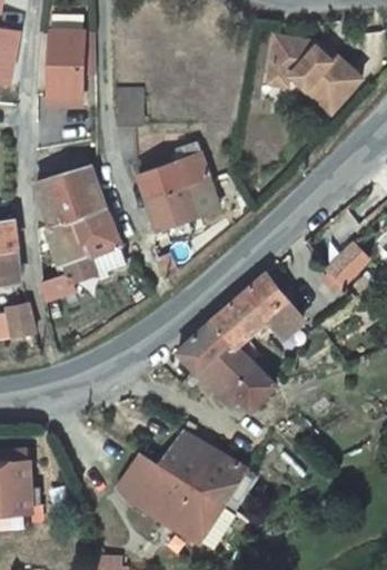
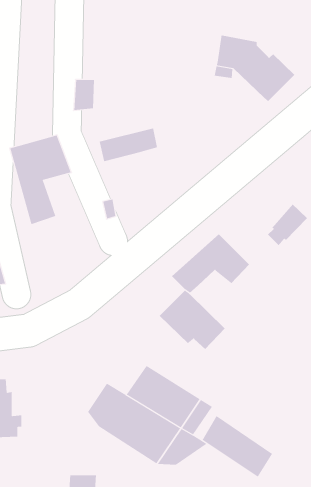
building: [41,39,76,105] -> none
building: [138,184,215,239] -> none
building: [30,207,122,298] -> none
building: [183,326,231,372] -> none
building: none -> [202,415,273,478]

